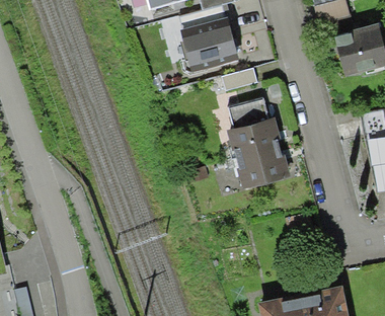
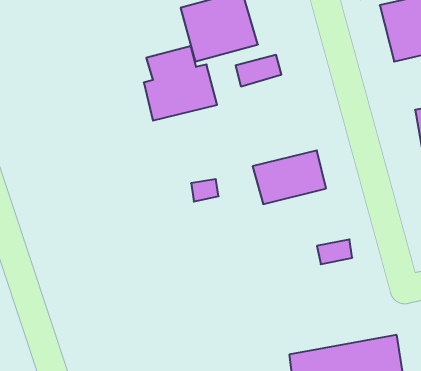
building: [226,96,283,154] -> [144,46,217,121]

